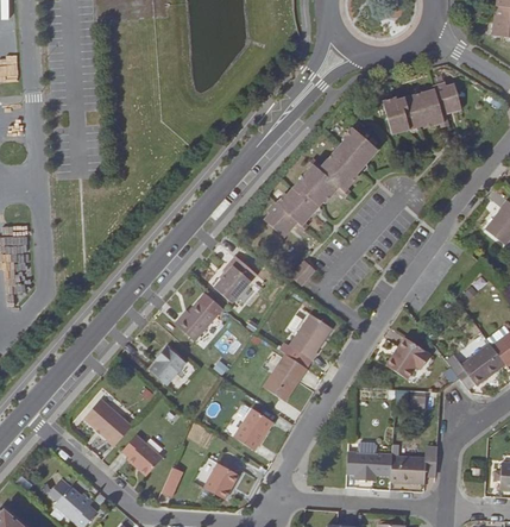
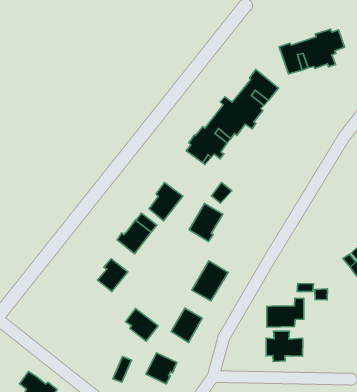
building: [290,313,332,359] -> [189,203,223,242]
building: [386,337,432,378] -> none
building: [83,399,131,446] -> none
building: [121,434,160,475] -> [126,308,158,341]
building: [391,447,437,482] -> [267,298,304,327]

